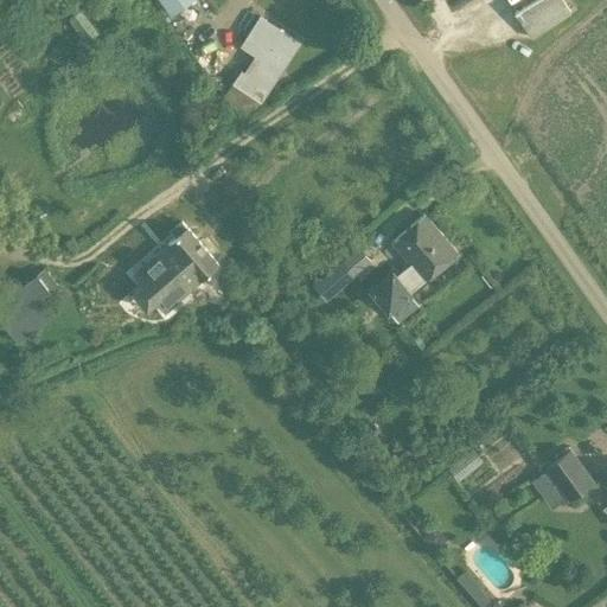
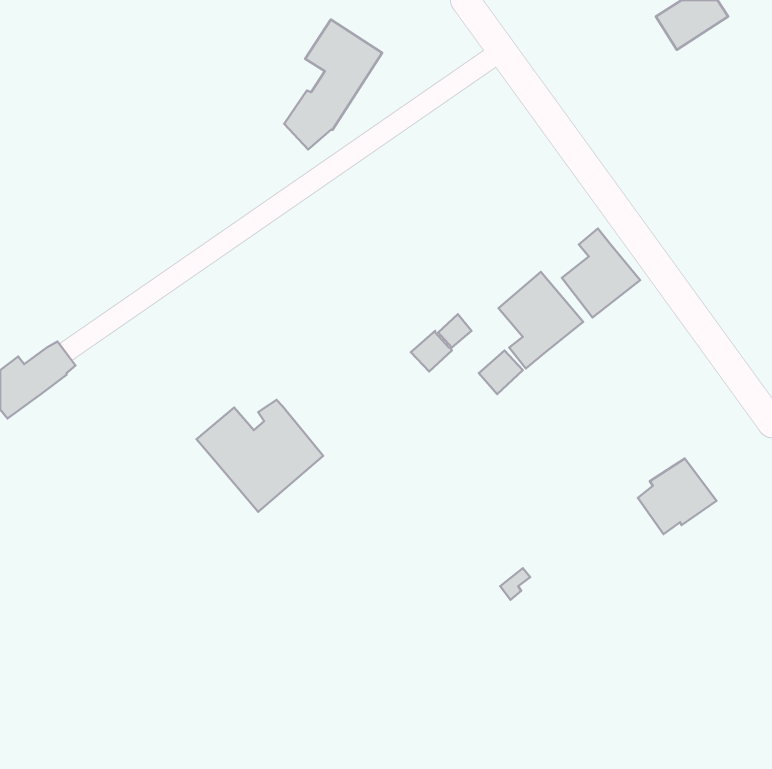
building: none -> [562,228,640,318]
building: [119,224,218,312] -> [196,400,323,512]
building: [533,451,595,510] -> [638,459,716,534]

